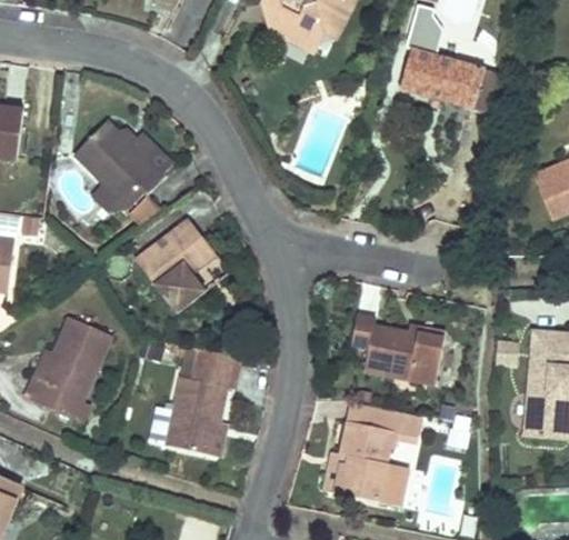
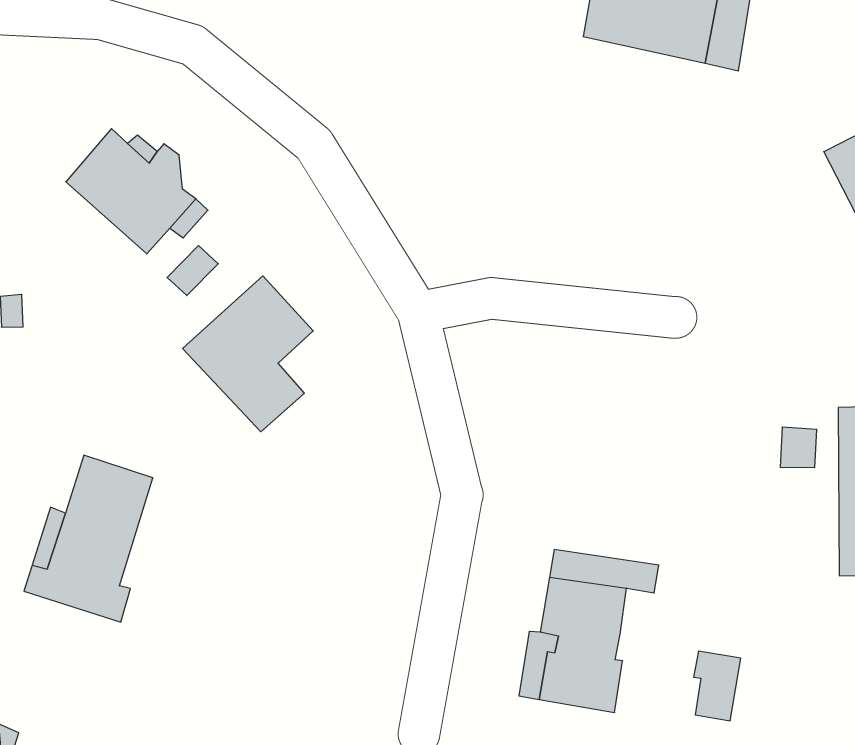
building: [342,312,439,391] -> none
building: [149,349,240,458] -> none
building: [382,457,413,501] -> [694,651,741,721]

